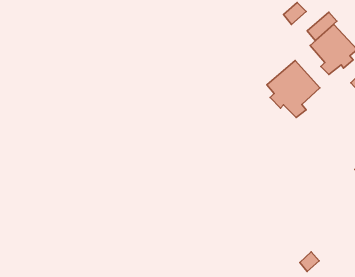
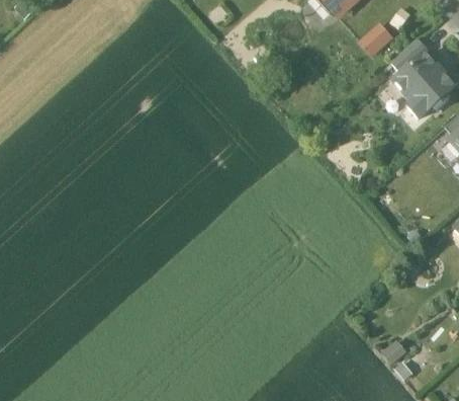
building: [267,60,320,118] -> none

